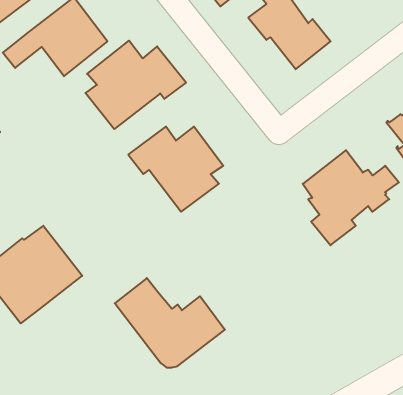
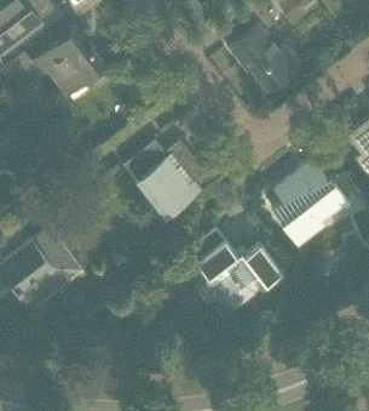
building: [85,41,186,129] -> none
building: [115,278,225,367] -> [189,230,284,308]

